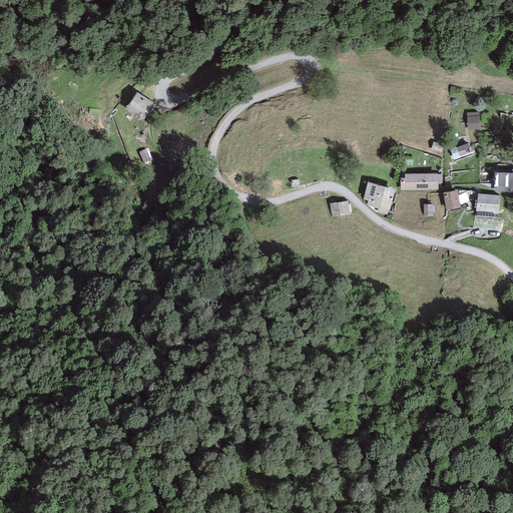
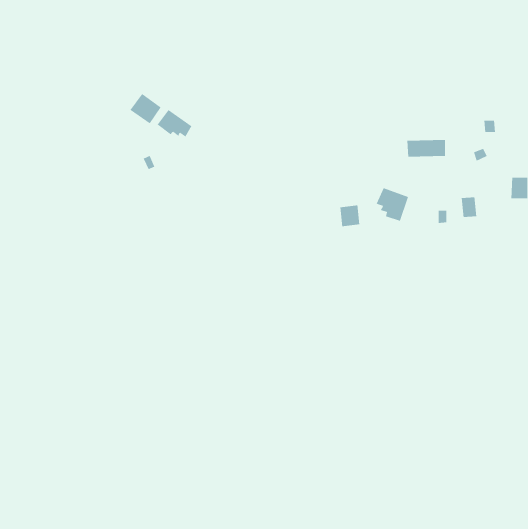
building: none -> [157,109,192,138]
building: [402,173,440,190] -> [407,139,446,157]
building: [476,193,501,213] -> none

